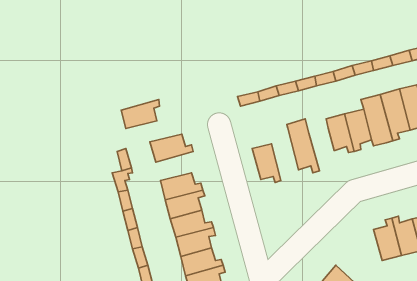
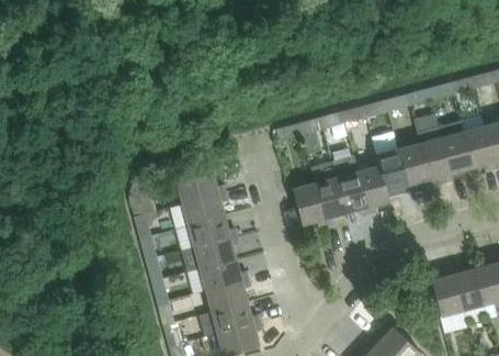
building: [121,100,160,128] -> [183,193,227,226]
building: none -> [315,167,345,226]
building: none -> [358,167,389,215]

